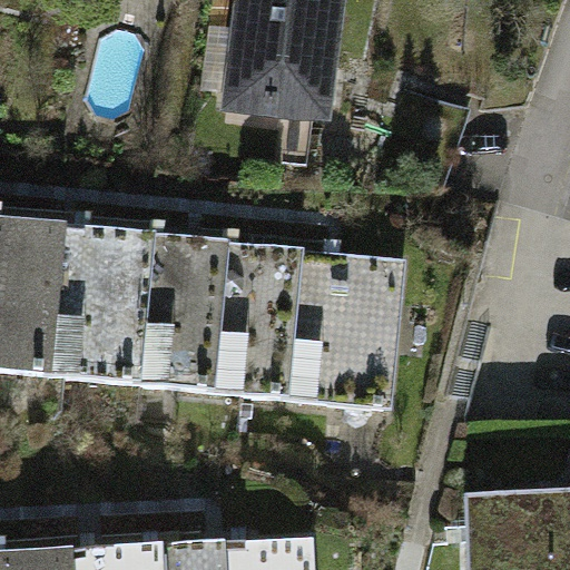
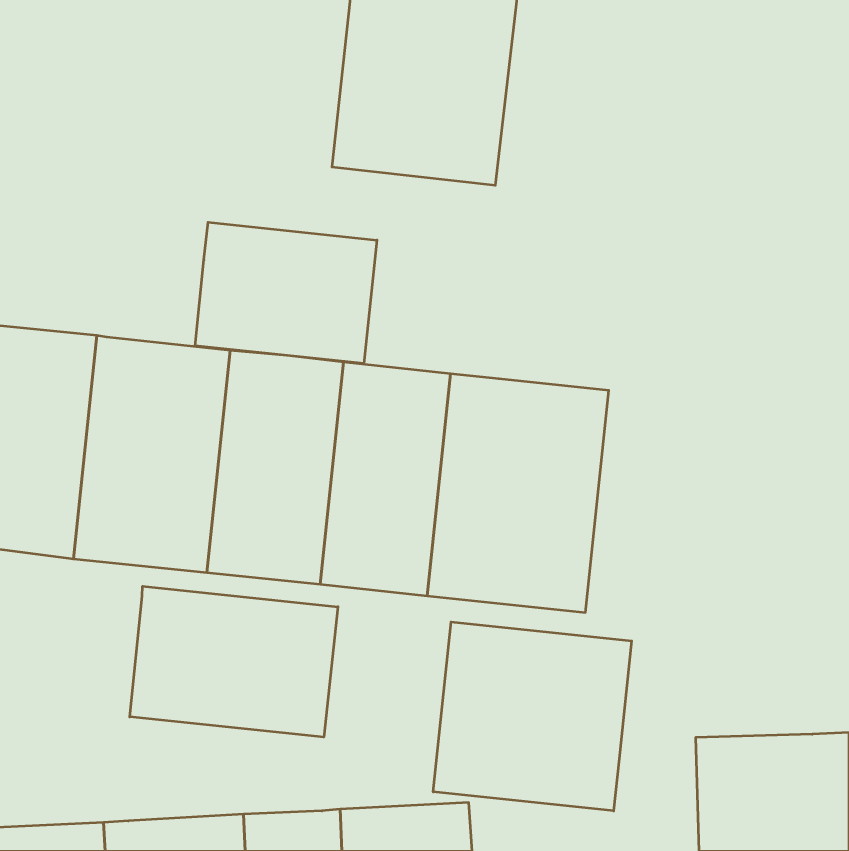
building: none -> [195,222,377,364]
building: none -> [130,586,338,737]
building: none -> [433,622,632,811]

